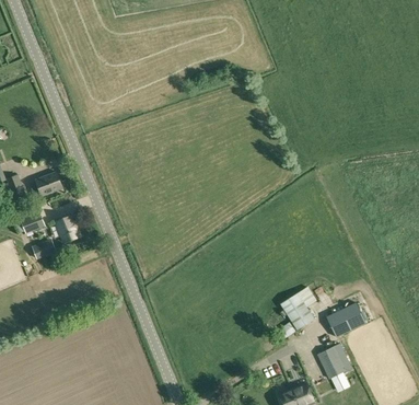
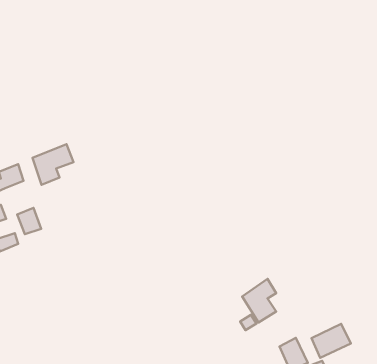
building: none -> [32,144,74,185]
building: [327,302,366,336] -> [312,324,351,358]

